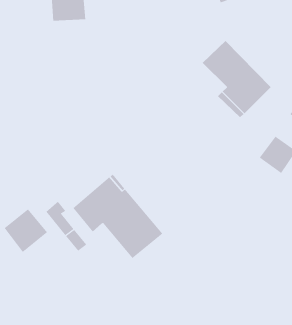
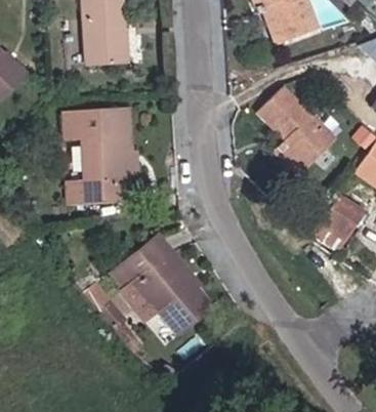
building: none -> [64,110,132,204]
building: [4,209,48,253] -> none

